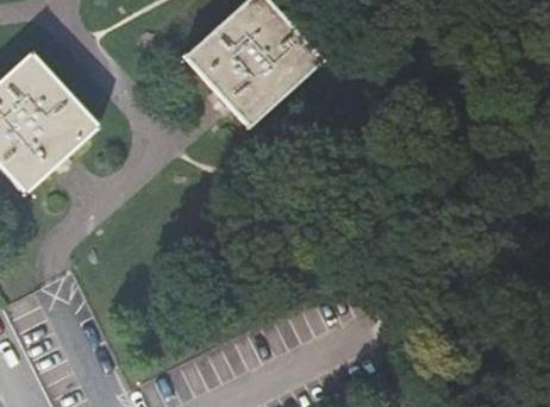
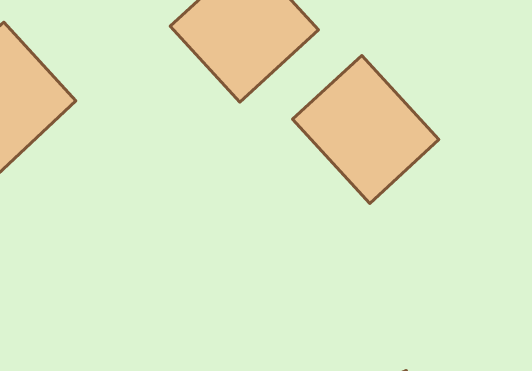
building: none -> [292,55,439,203]

